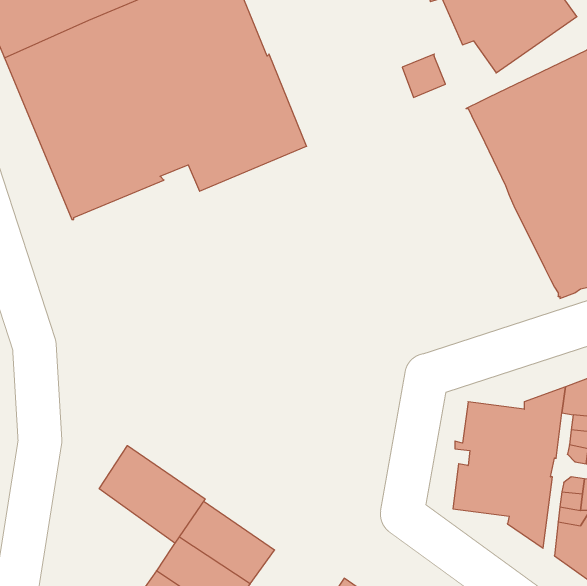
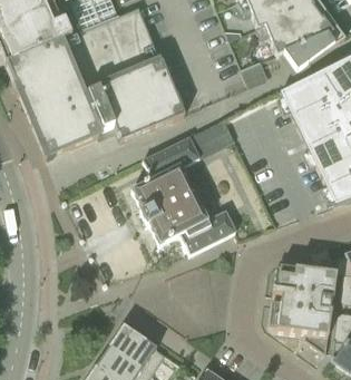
building: none -> [130,119,235,254]
building: [99,446,205,543] -> none

